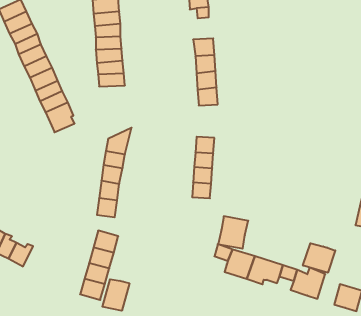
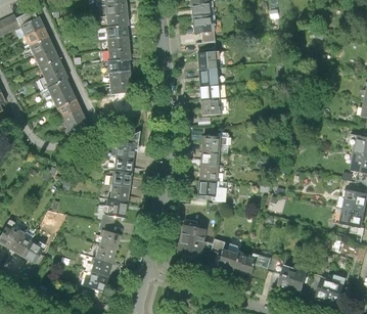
building: [218,216,248,249] -> [184,225,212,255]
building: [303,243,335,273] -> none
building: [102,279,129,311] -> none

